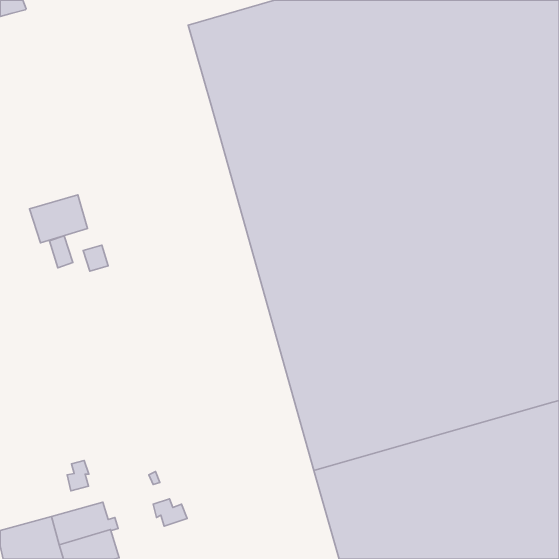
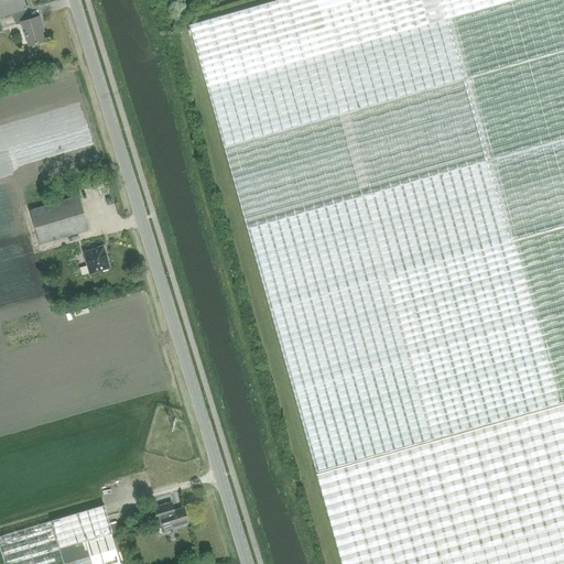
building: none -> [12,10,45,46]
building: [49,236,73,268] -> none
building: [67,460,89,491] -> none

